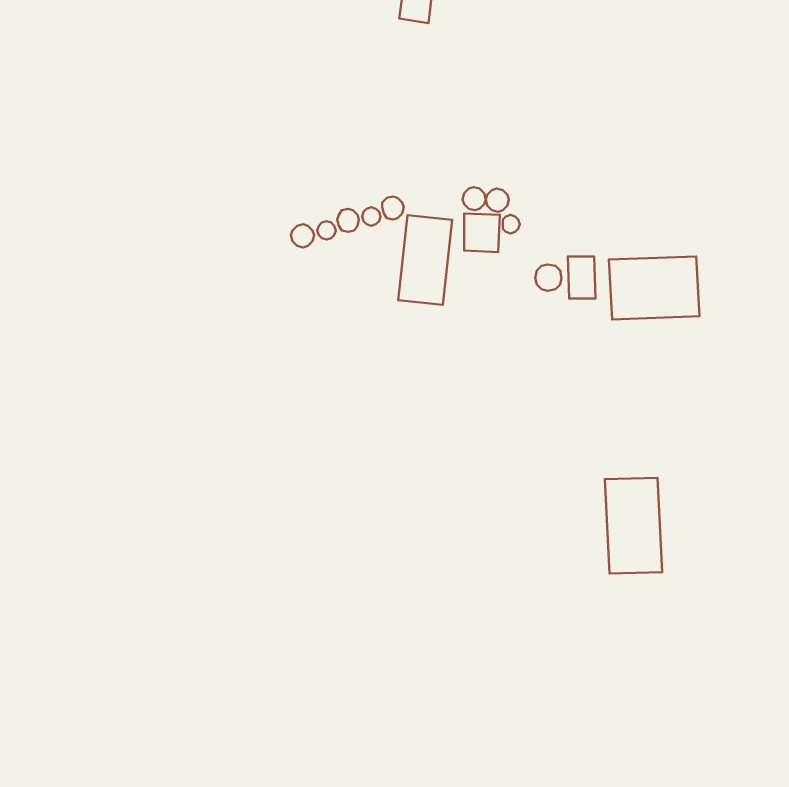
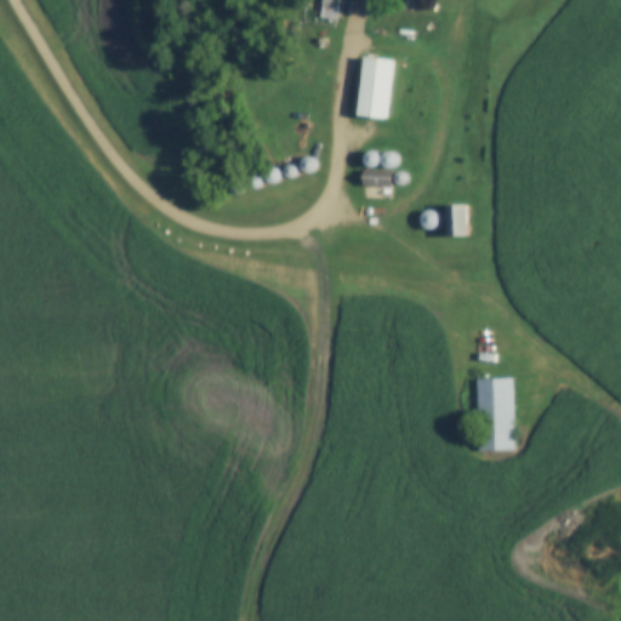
building: [398,215,452,305] -> [355,52,398,123]
building: [609,256,699,319] -> none

